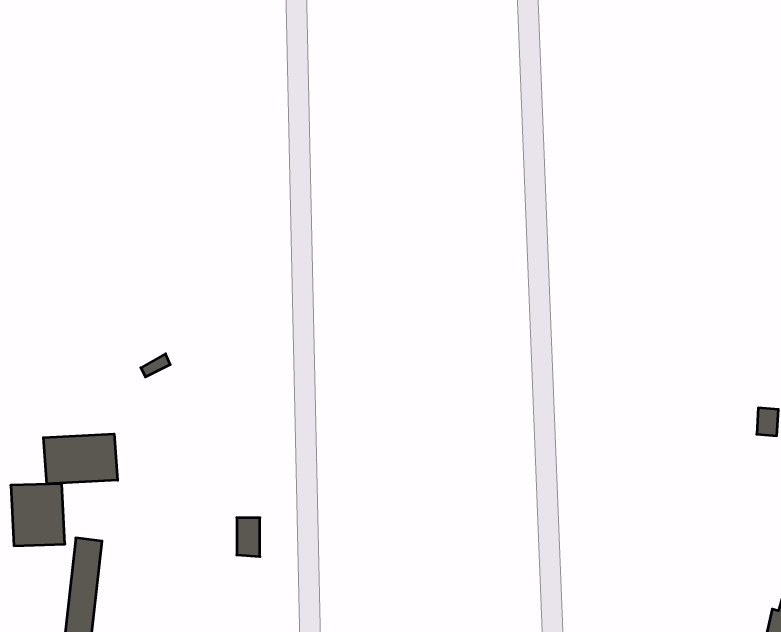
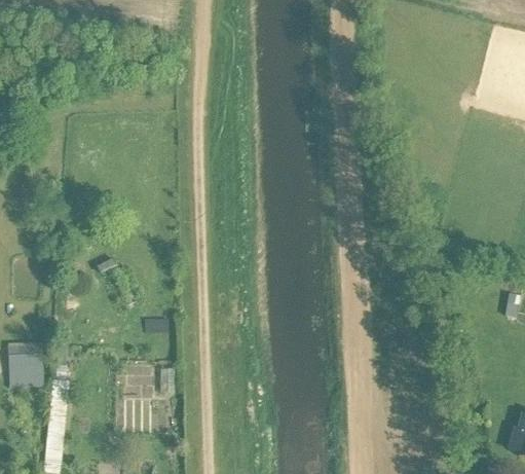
building: [43,434,118,484] -> none

